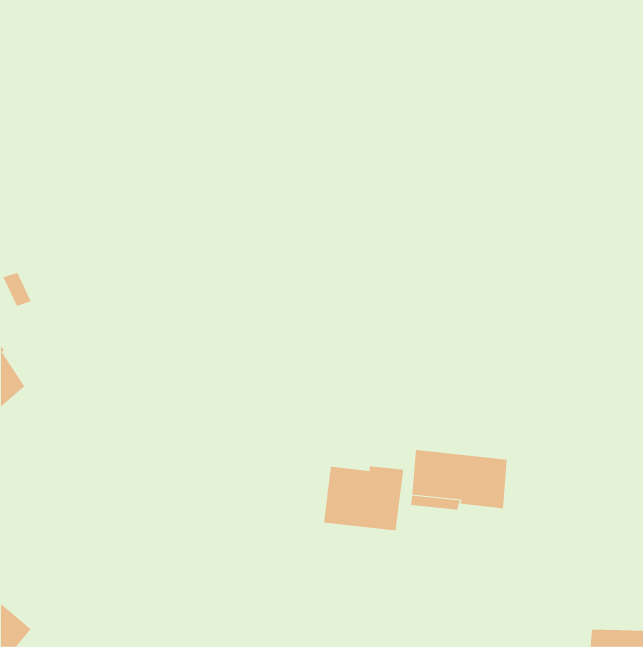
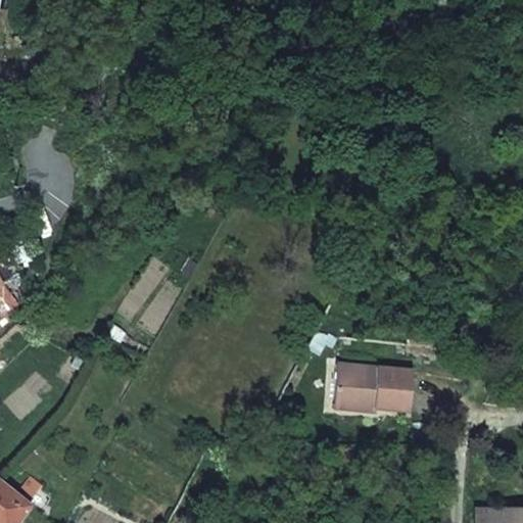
building: [323,465,404,531] -> none

